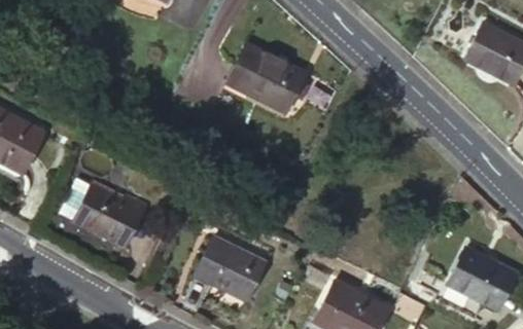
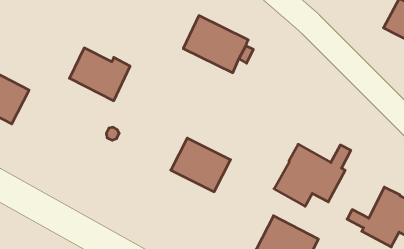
building: [73,184,145,247] -> [69,48,130,101]
building: none -> [274,144,351,206]
building: [194,236,265,300] -> [171,138,231,192]

